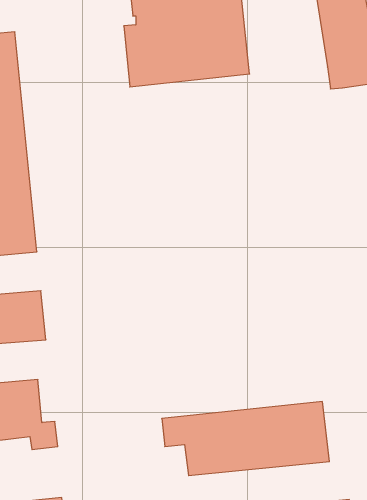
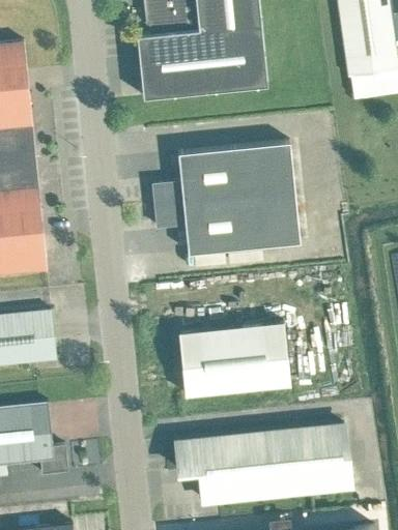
building: none -> [152,142,300,253]
building: none -> [178,322,290,396]

